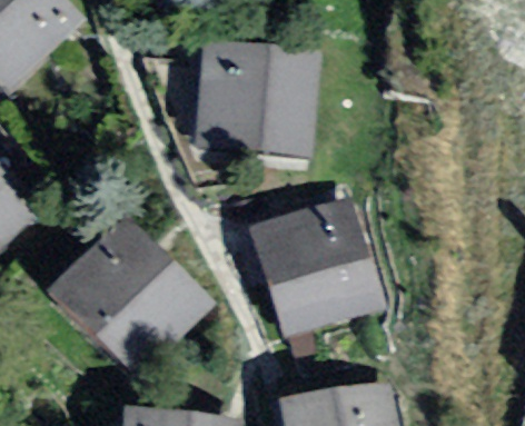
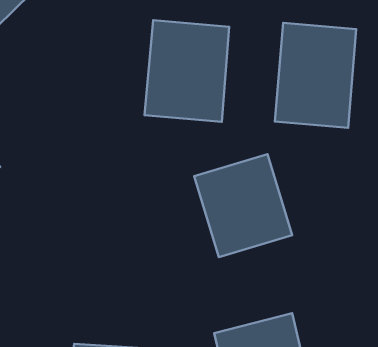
building: none -> [275,23,356,128]
building: [49,225,199,375] -> none

